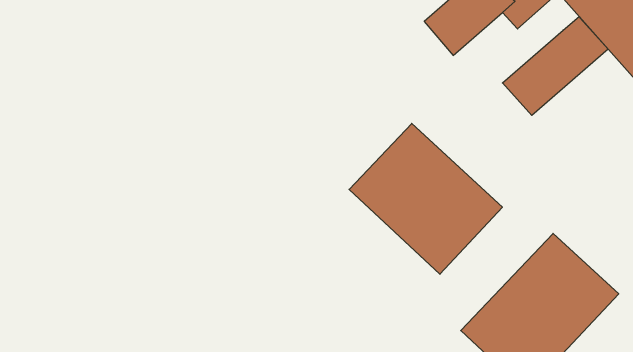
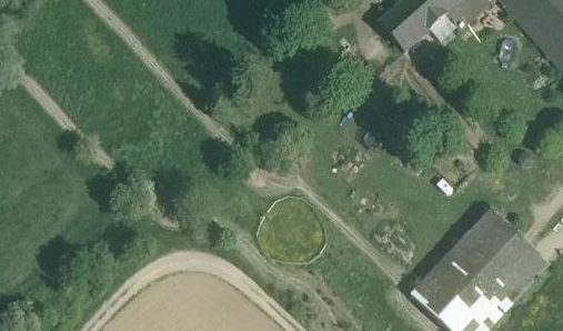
building: [502,17,608,115] -> none
building: [349,123,502,274] -> none

